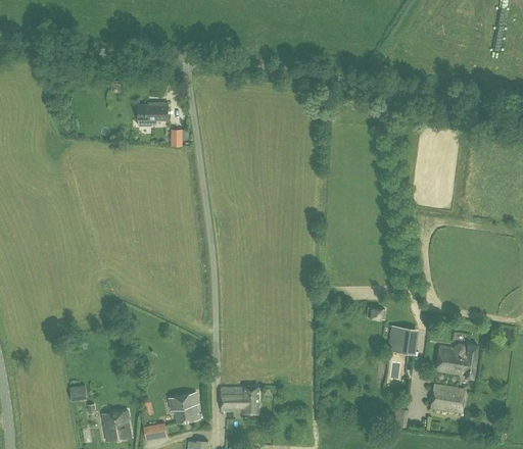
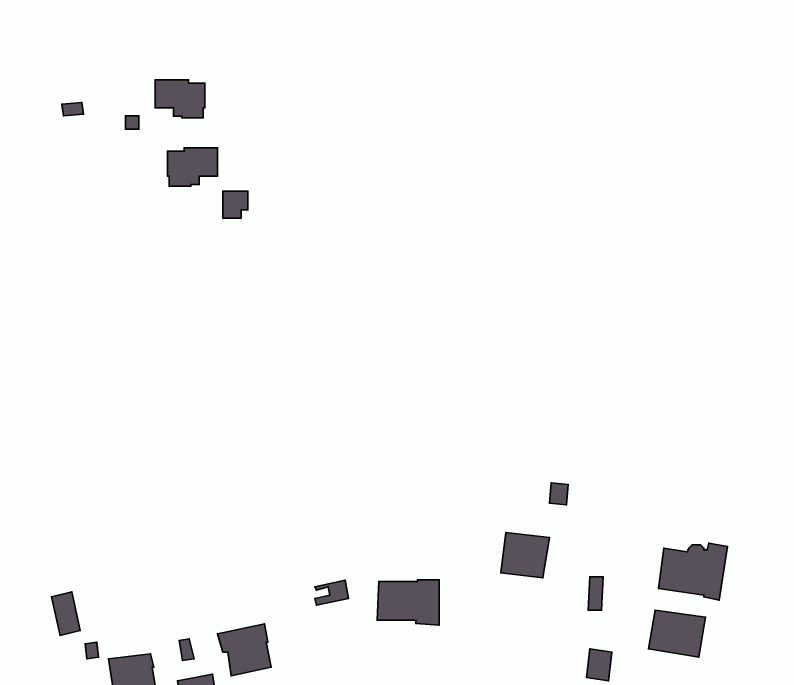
building: none -> [155,80,205,118]
building: [388,326,418,353] -> [501,532,550,578]
building: [220,386,257,413] -> [377,580,439,625]

